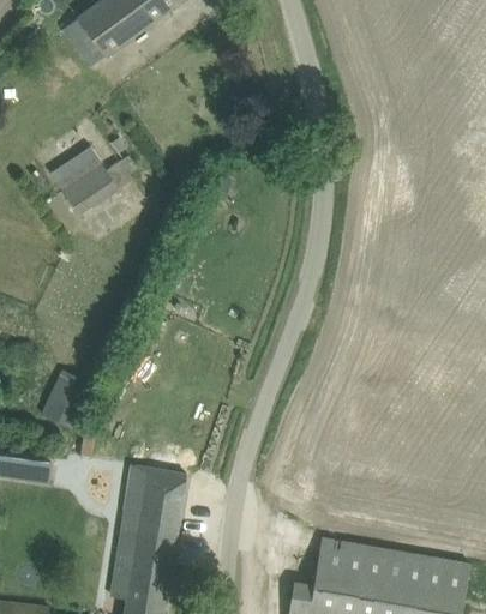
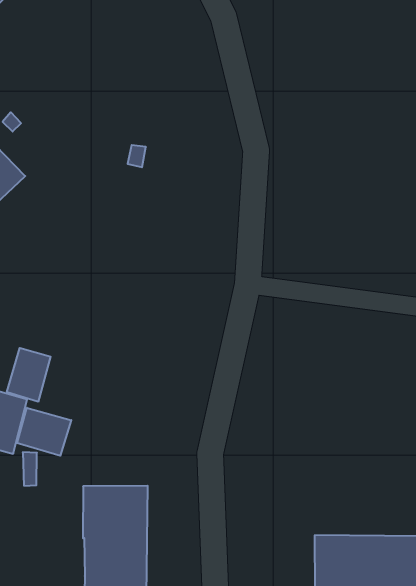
building: none -> [7,348,51,402]
building: none -> [17,408,71,456]

